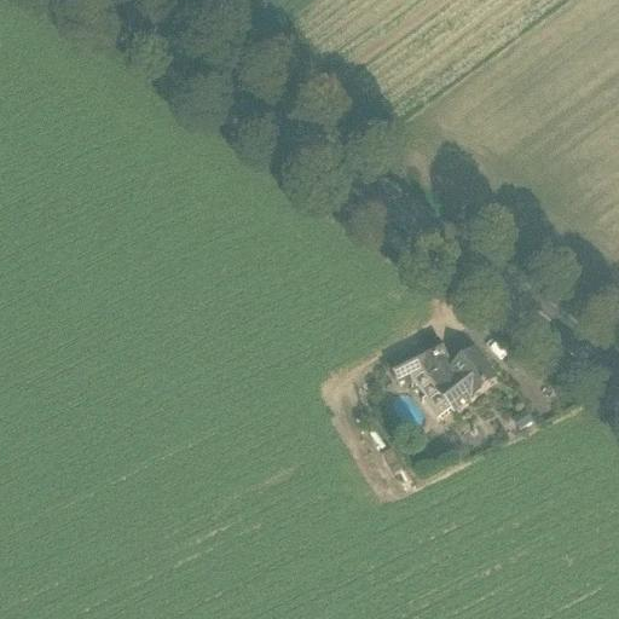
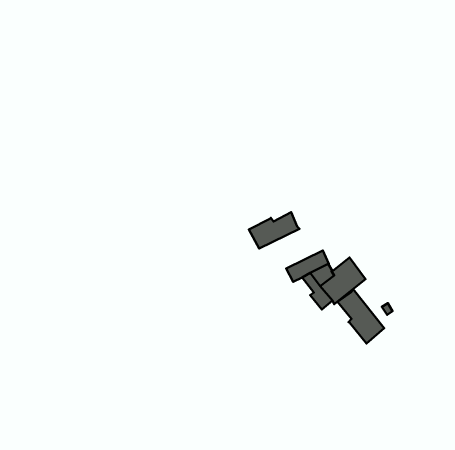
building: none -> [249,212,299,249]
building: none -> [337,289,384,344]

